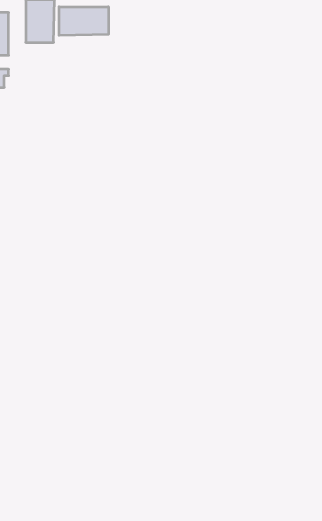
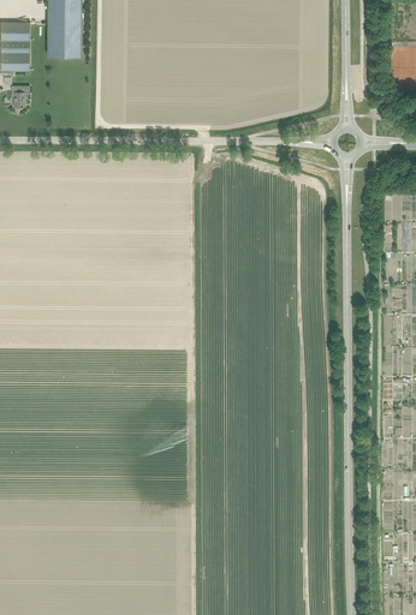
building: [59,7,108,35] -> none

